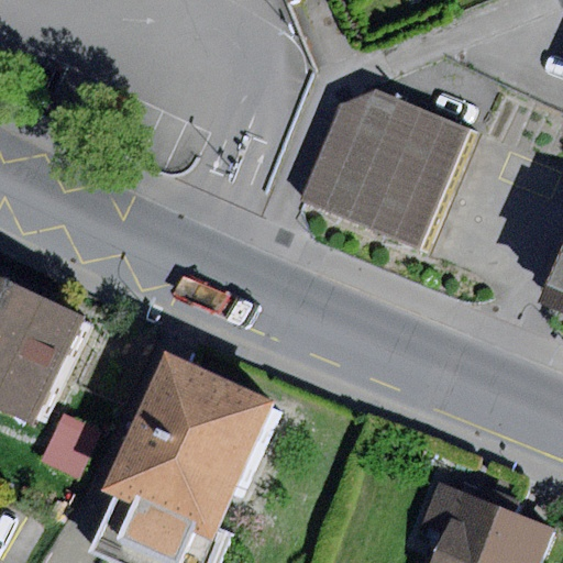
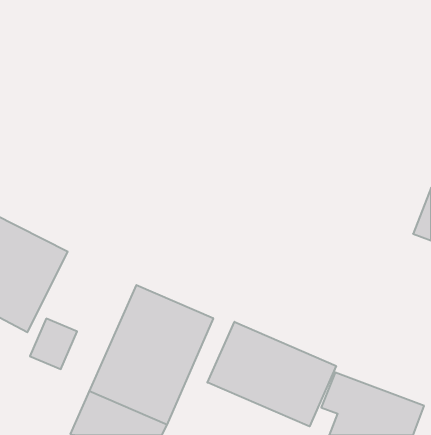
building: [294,87,470,249] -> none
building: none -> [207,322,336,426]

